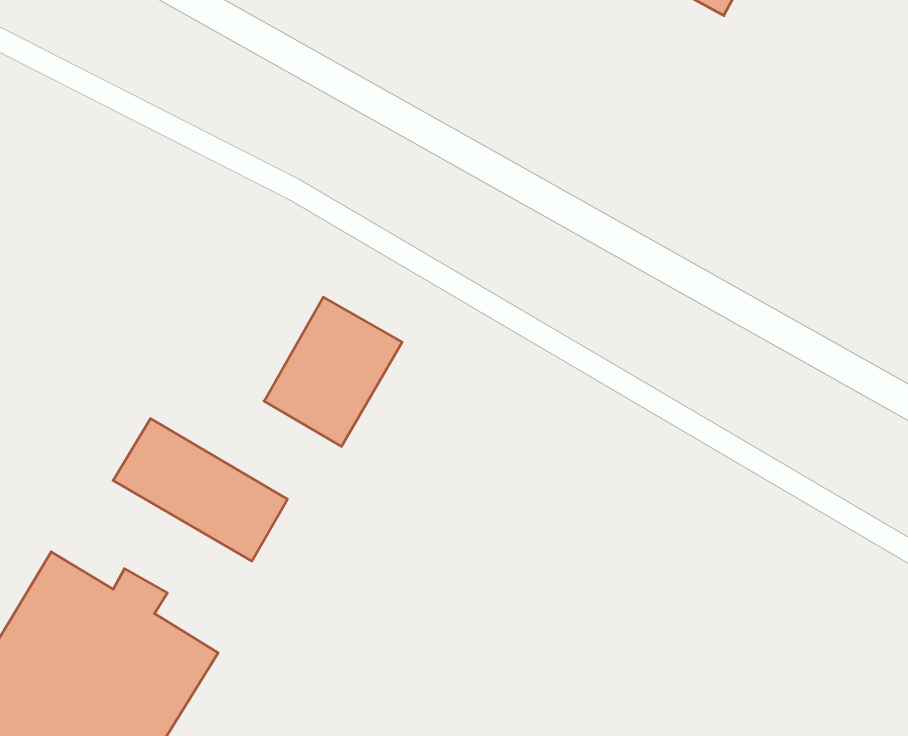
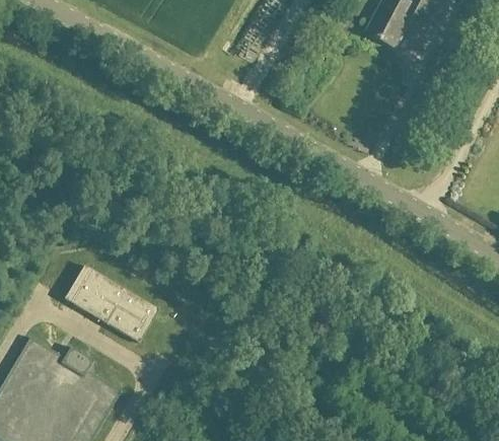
building: [264,297,402,446] -> none

